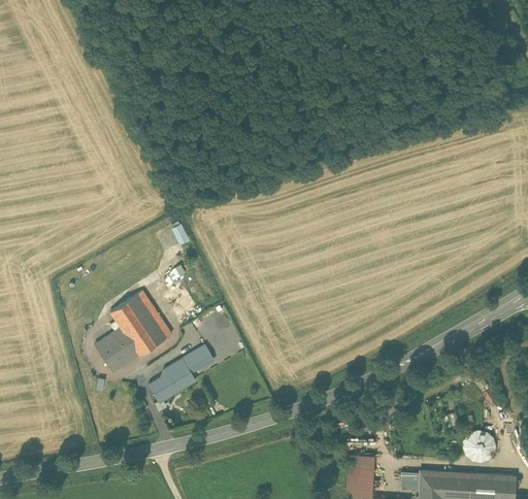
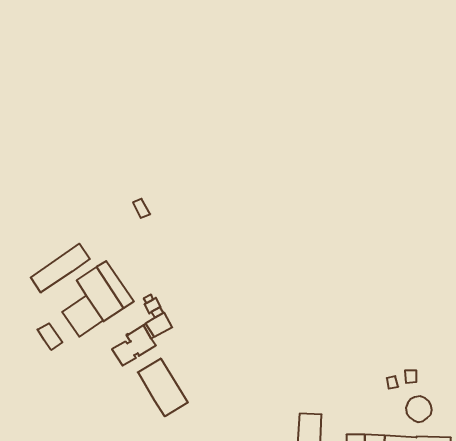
building: none -> [31,244,90,293]
building: none -> [37,323,62,350]
building: none -> [138,358,188,416]

